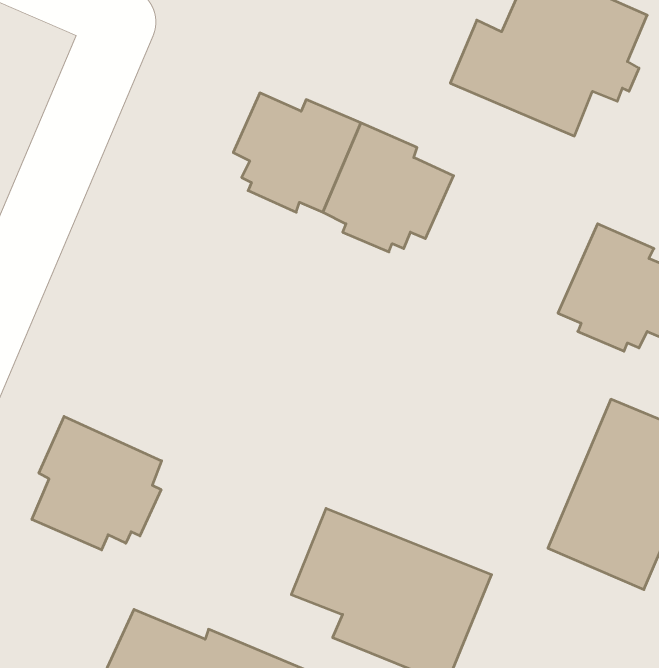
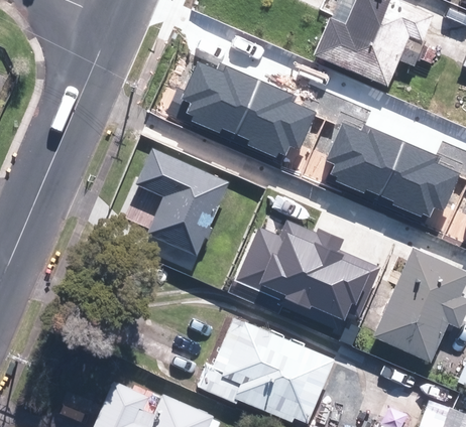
building: none -> [324,123,401,195]
building: none -> [133,148,228,271]
building: none -> [233,220,379,320]
building: [32,416,162,550] -> none

